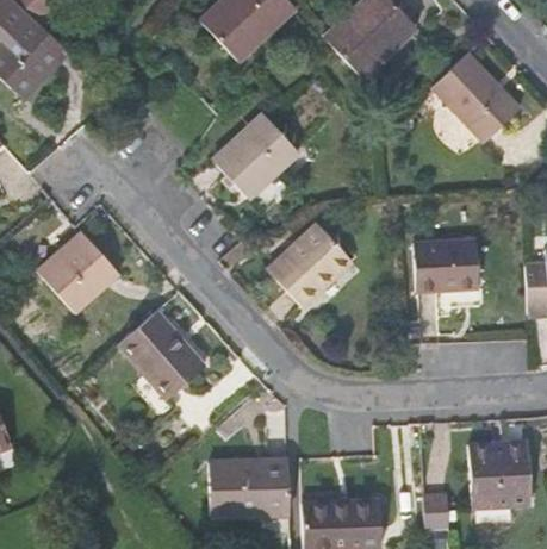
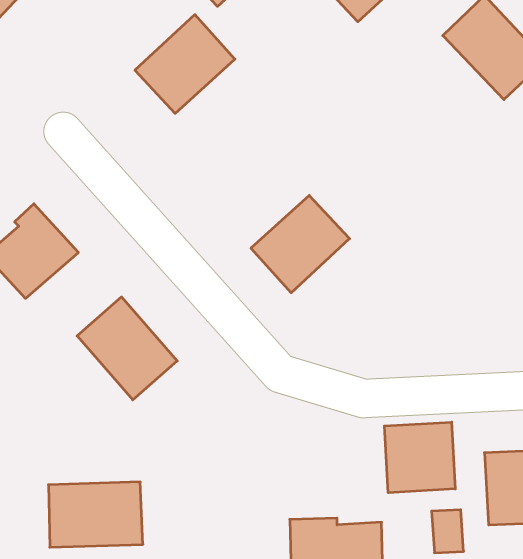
building: [212,113,298,198] -> [135,15,235,113]
building: [412,238,479,307] -> none
building: none -> [384,422,455,493]
building: [209,460,290,516] -> [48,482,143,547]

